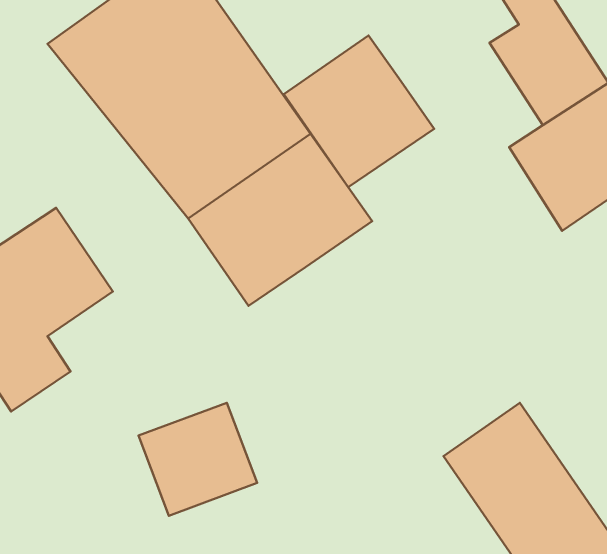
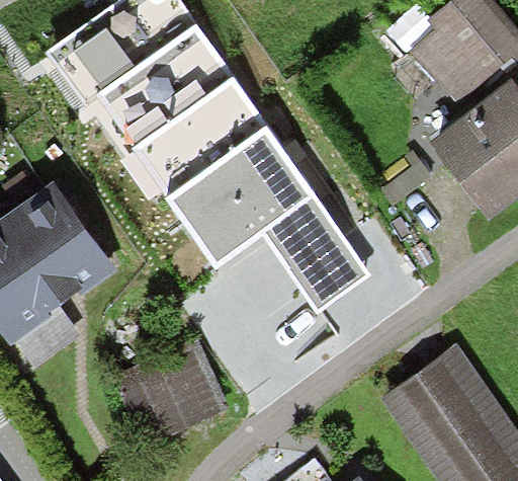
building: [284,36,434,187] -> none
building: none -> [264,198,377,318]

